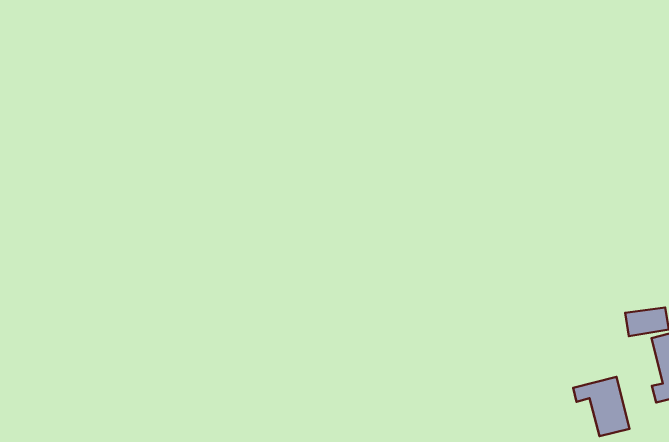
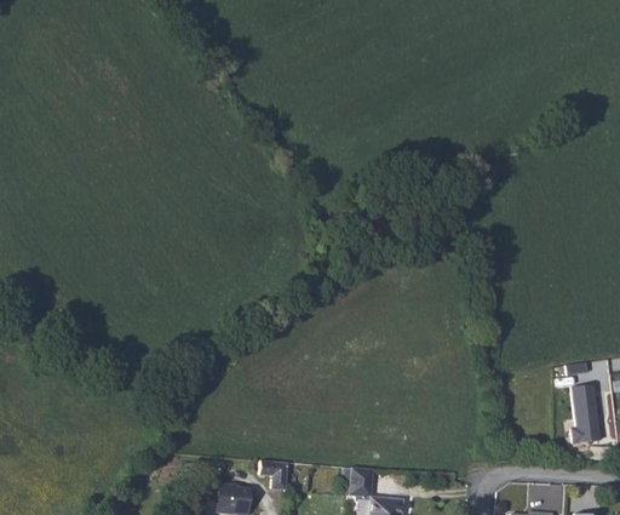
building: [573,377,630,436] -> none

